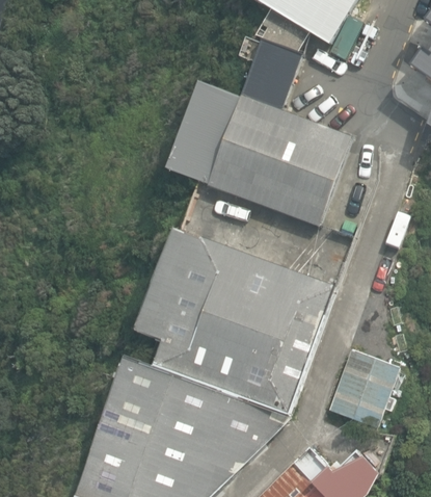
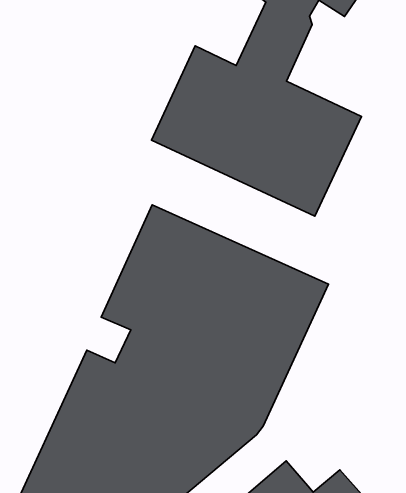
building: [328,349,398,427] -> none

